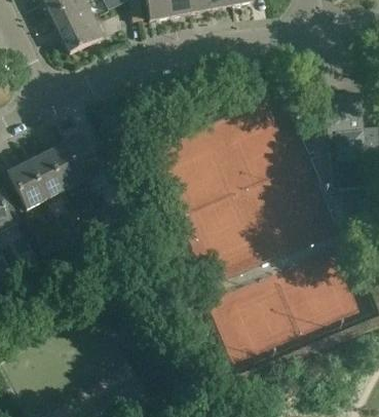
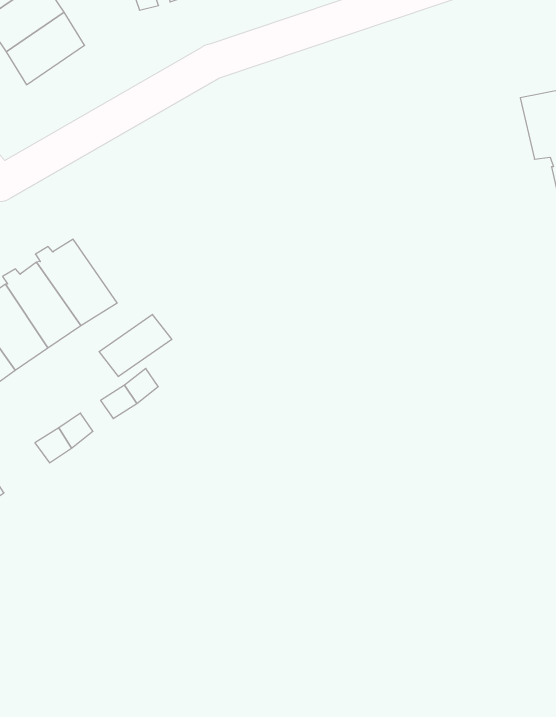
building: none -> [99,314,172,377]

